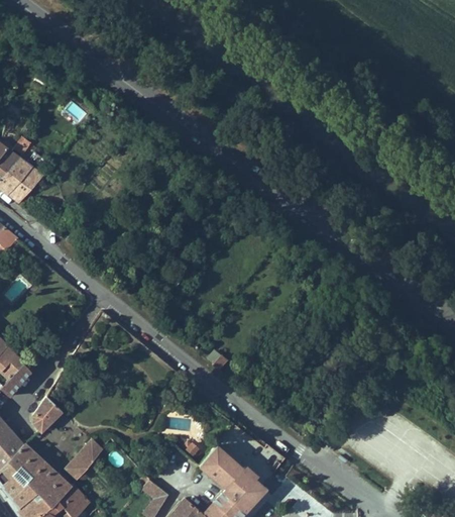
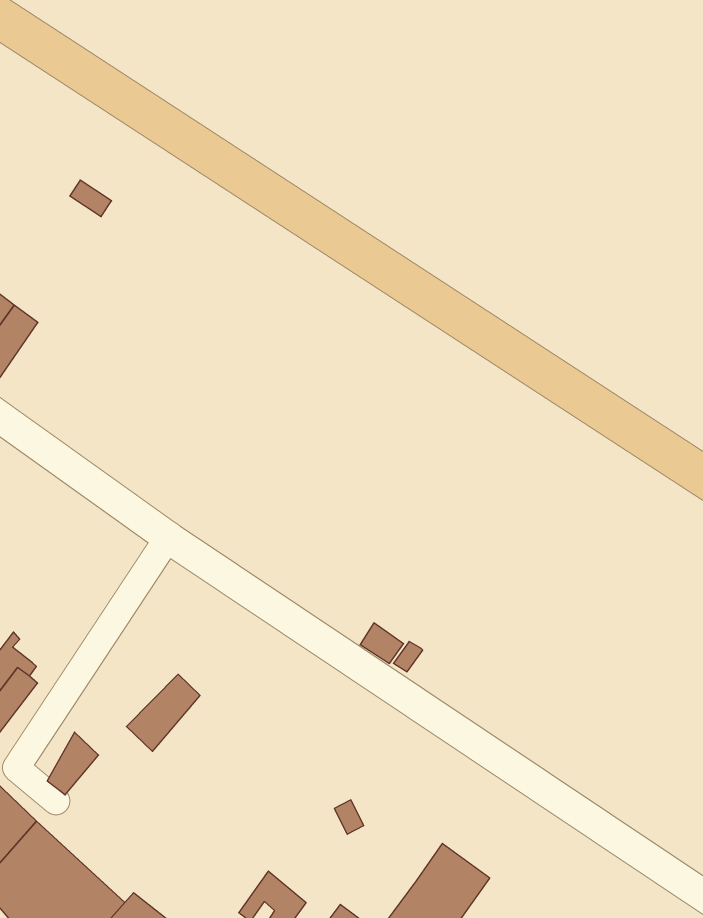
building: [64,442,104,483] -> [126,674,200,751]
building: [198,444,241,487] -> none

